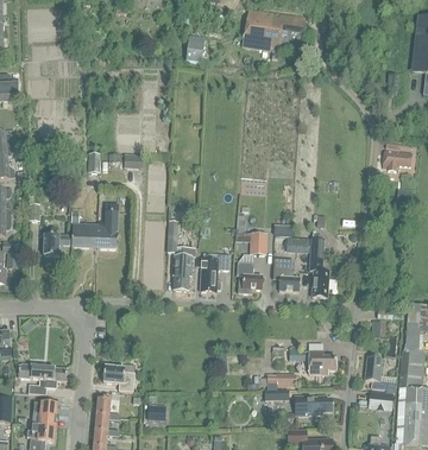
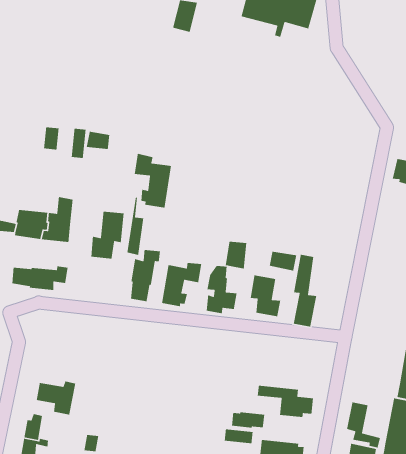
building: none -> [134,153,172,208]
building: none -> [90,211,125,260]
building: none -> [12,265,69,291]

